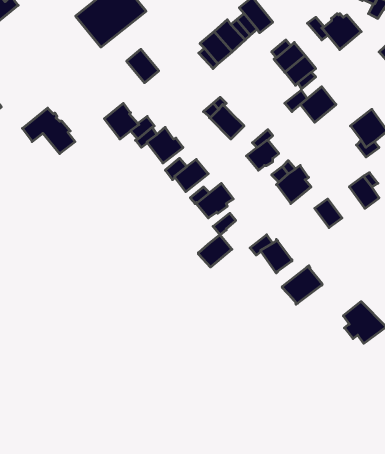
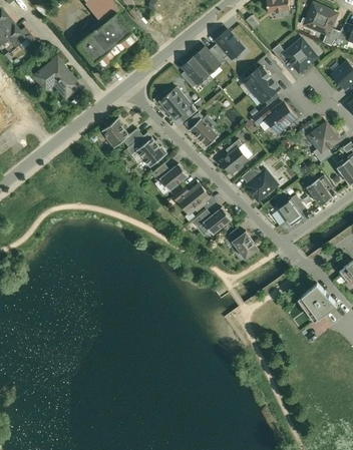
building: [127,49,159,83] -> [161,90,189,118]
building: [22,108,75,154] -> [34,59,78,97]
building: [198,235,232,267] -> [204,207,232,235]
building: [282,266,322,304] -> none

